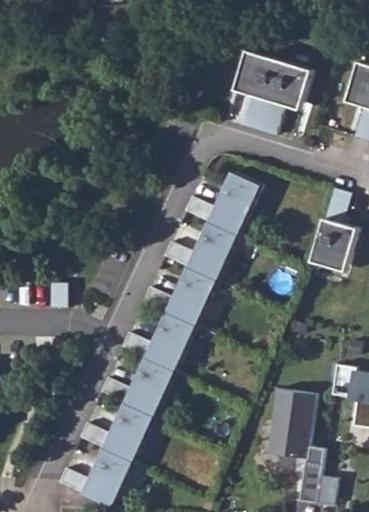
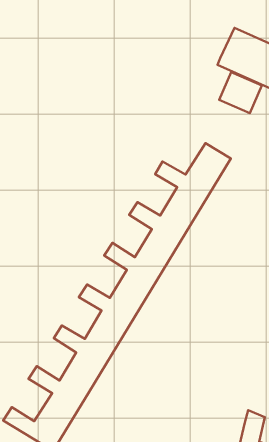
building: [268,388,315,457] -> none

